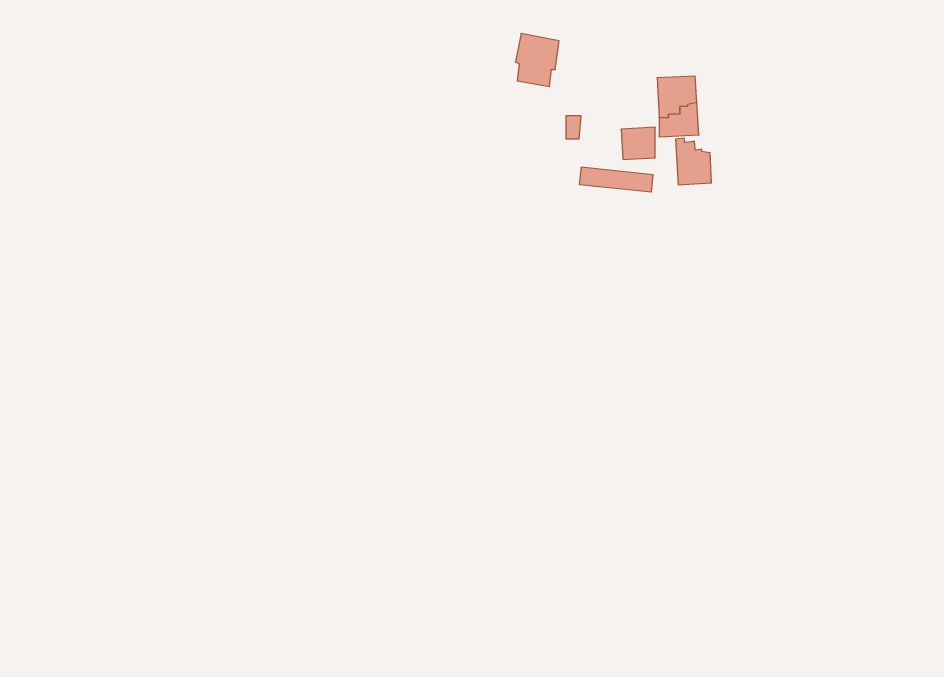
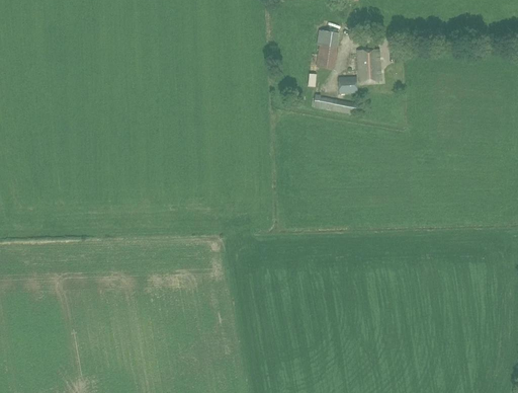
building: [515,33,559,87] -> [316,29,339,58]
building: [676,138,711,185] -> none

